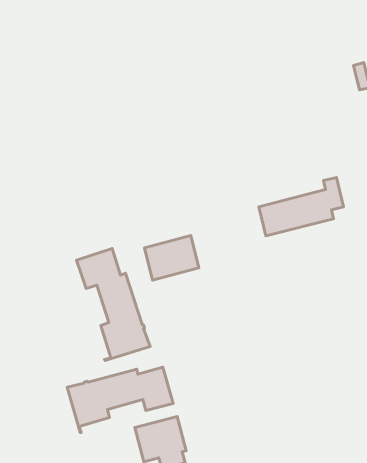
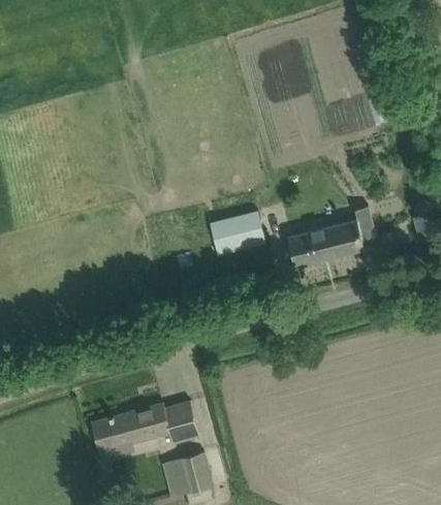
building: [145,236,199,280] -> [209,211,264,256]
building: [76,248,150,360] -> none

